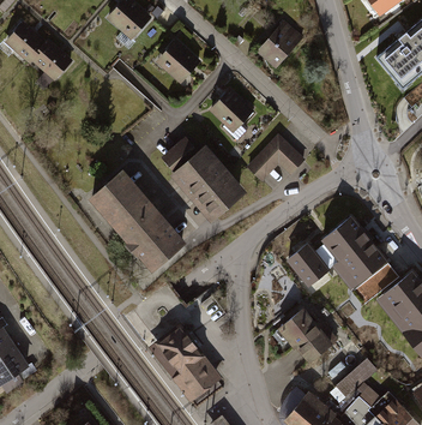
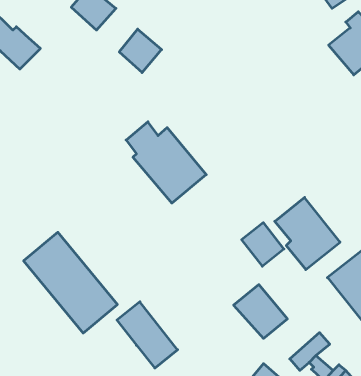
building: [254,22,302,71] -> none
building: [207,86,254,133] -> none
building: [247,133,306,180] -> none
building: [85,167,183,273] -> [24,232,117,333]
building: [351,263,398,305] -> none

